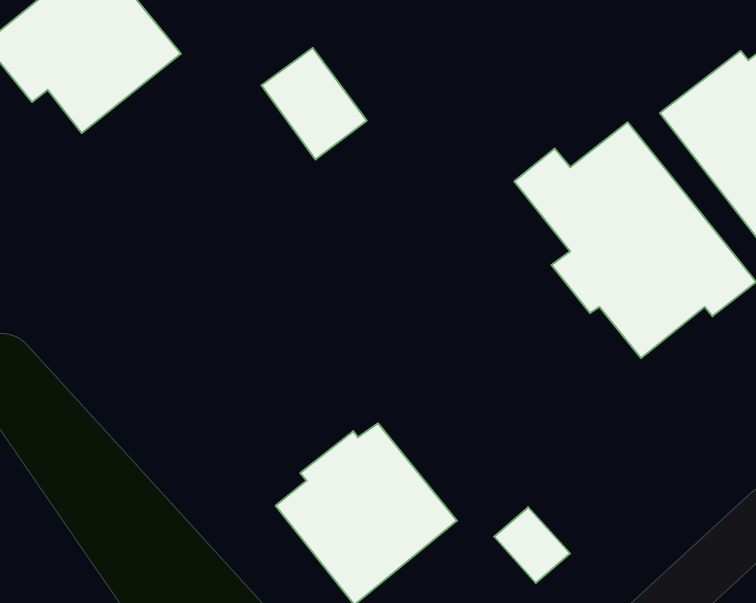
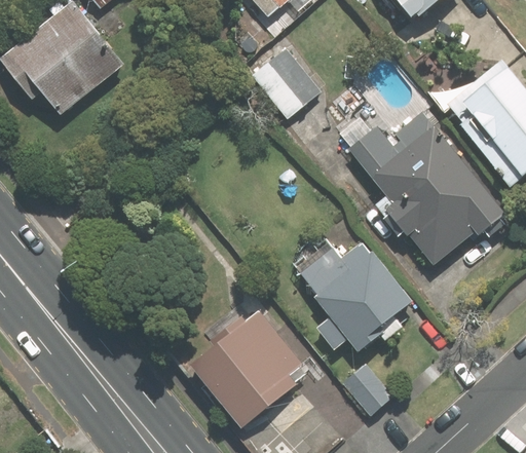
building: [261,48,367,160] -> [250,46,320,120]
building: none -> [296,237,414,351]

